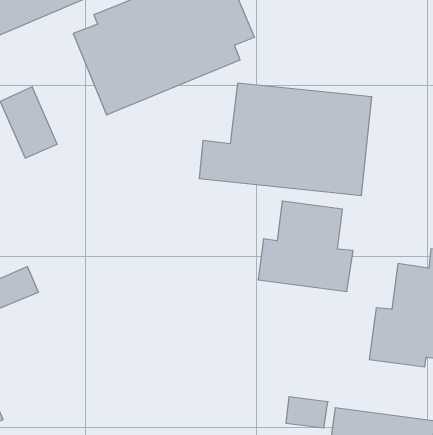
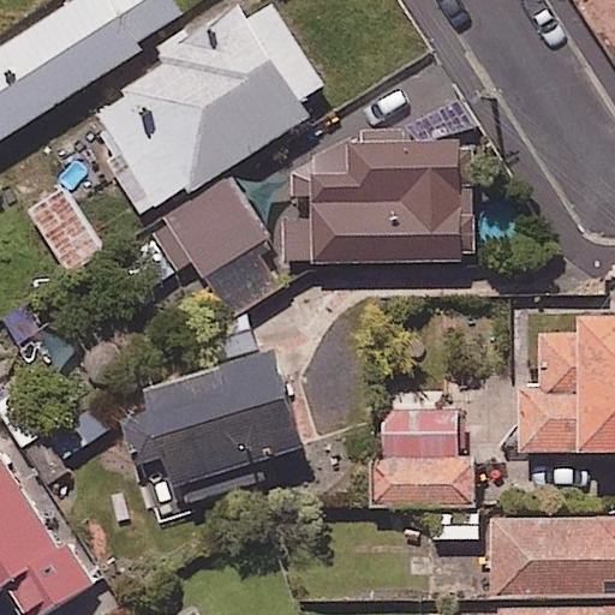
building: none -> [124,181,279,320]
building: [258,201,353,291] -> [366,411,477,512]
building: none -> [124,347,306,507]

